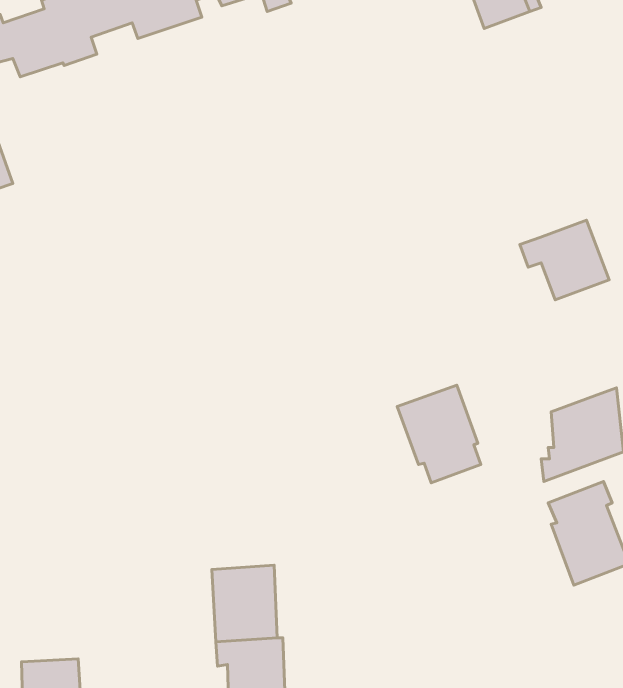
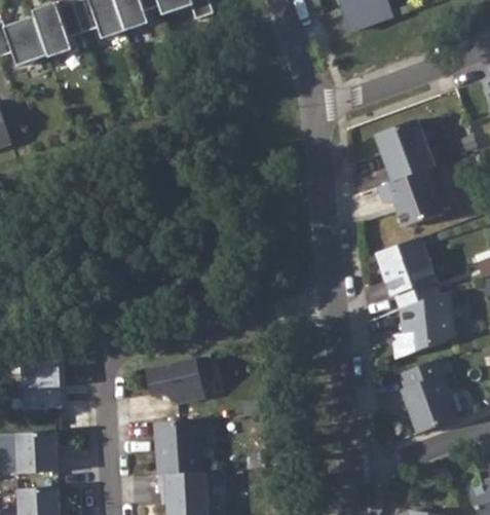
building: none -> [375,120,434,182]
building: [397,385,481,483] -> [376,237,437,308]
building: none -> [21,353,62,410]
building: none -> [146,355,213,403]
building: none -> [15,431,65,473]

